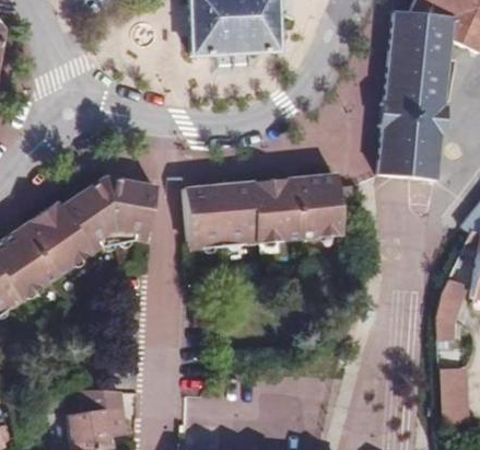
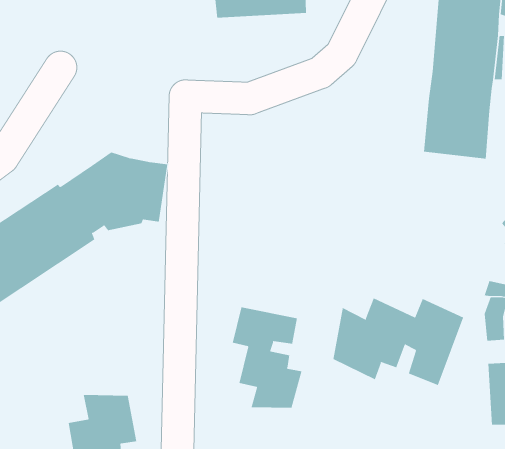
building: [185,175,358,249] -> none
building: none -> [333,297,464,386]
building: none -> [232,306,302,408]

